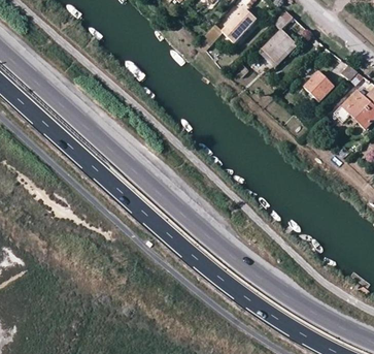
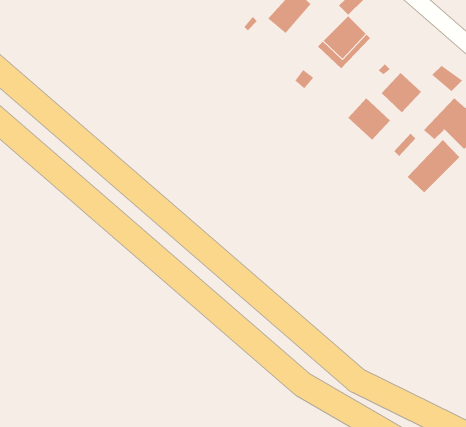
building: none -> [348,98,391,141]
building: none -> [407,139,460,193]

